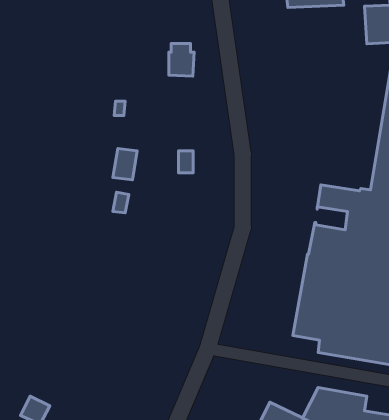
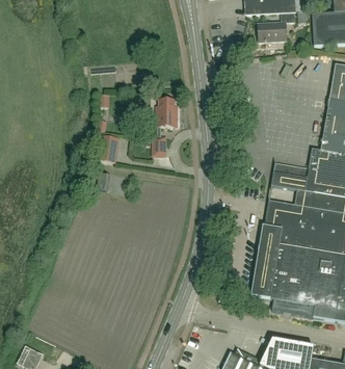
building: none -> [258,12,294,41]
building: [169,44,194,76] -> [156,98,178,126]

